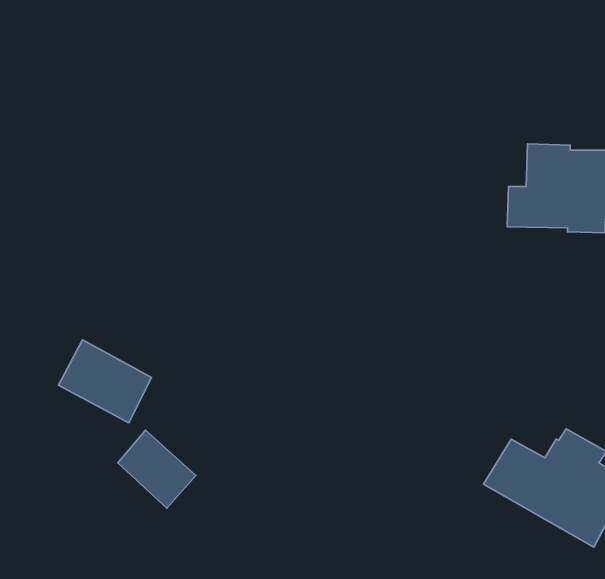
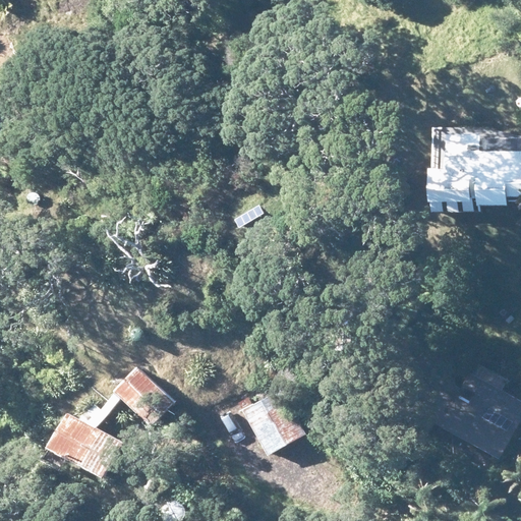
building: [59,340,152,423] -> [47,411,122,478]
building: none -> [238,392,300,455]

